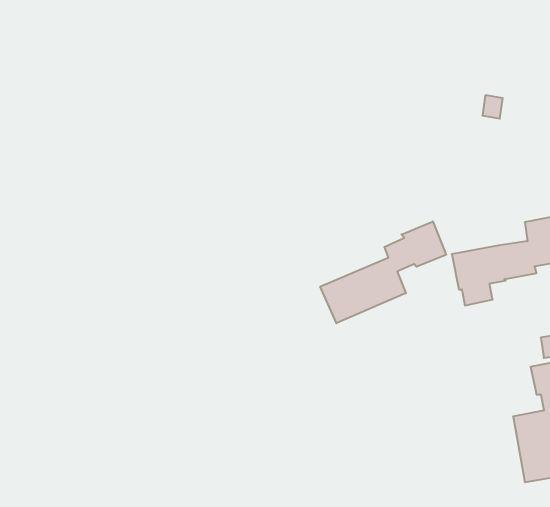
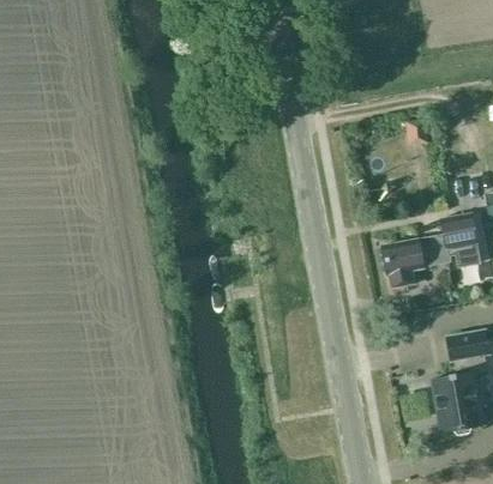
building: [320,221,446,323] -> none

